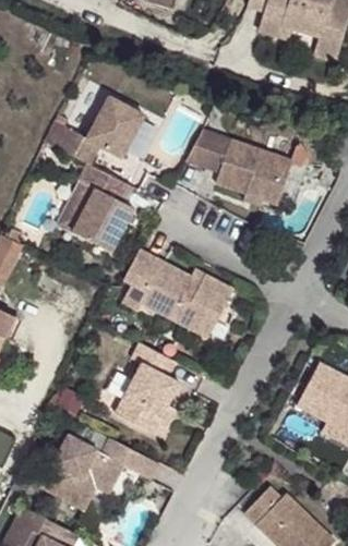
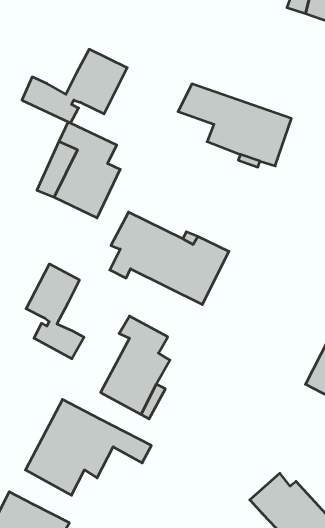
building: none -> [26,264,84,359]

